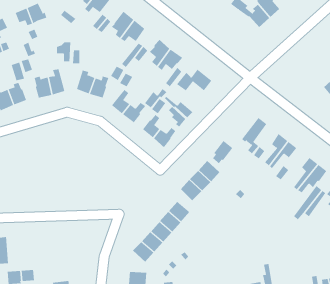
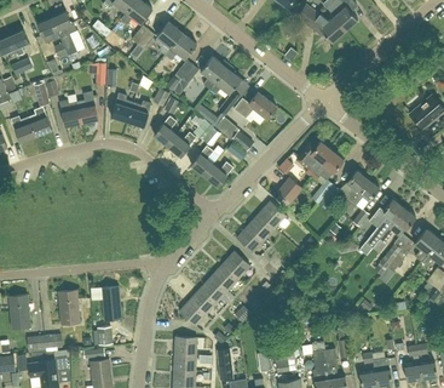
building: none -> [299,142,331,177]
building: none -> [96,287,121,346]
building: none -> [59,291,80,325]

